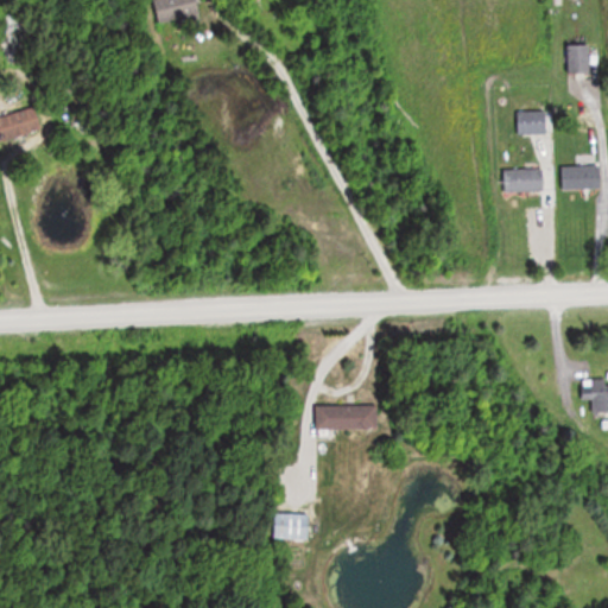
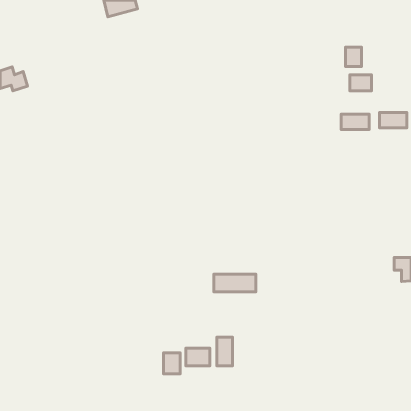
building: [568,45,591,74] -> [345,47,361,67]
building: none -> [217,337,232,366]
building: none -> [164,353,180,374]

